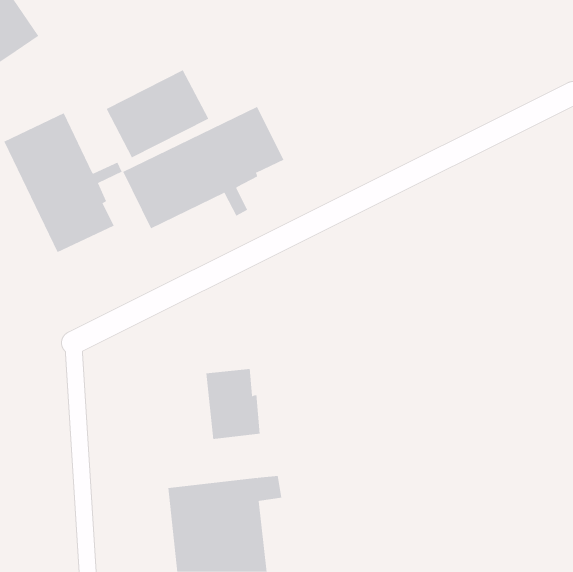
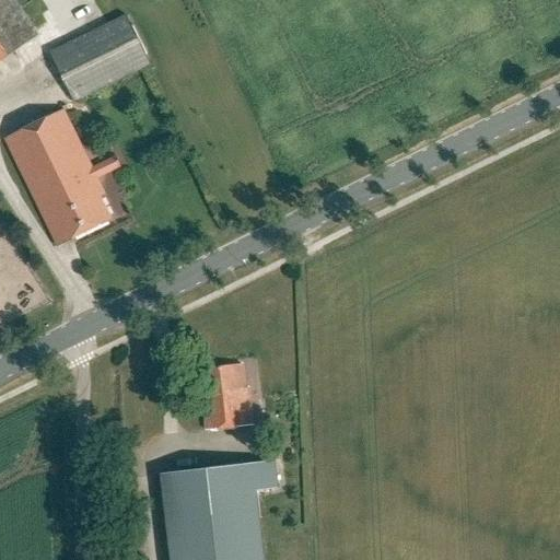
building: [106,69,209,158] -> [50,14,151,101]
building: [123,106,284,229] -> none

